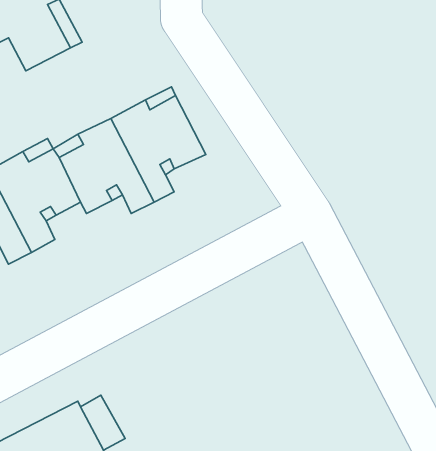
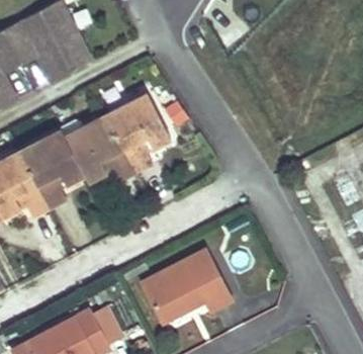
building: none -> [139,252,228,321]

